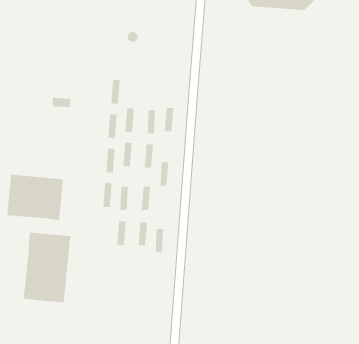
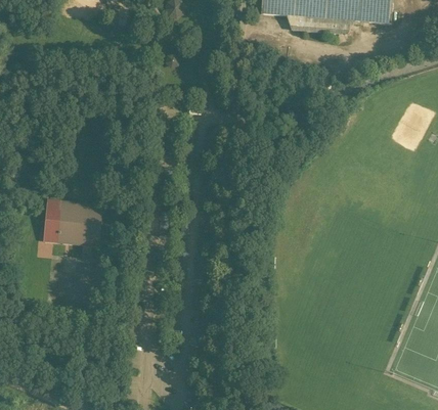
building: [23,232,71,303] -> none

